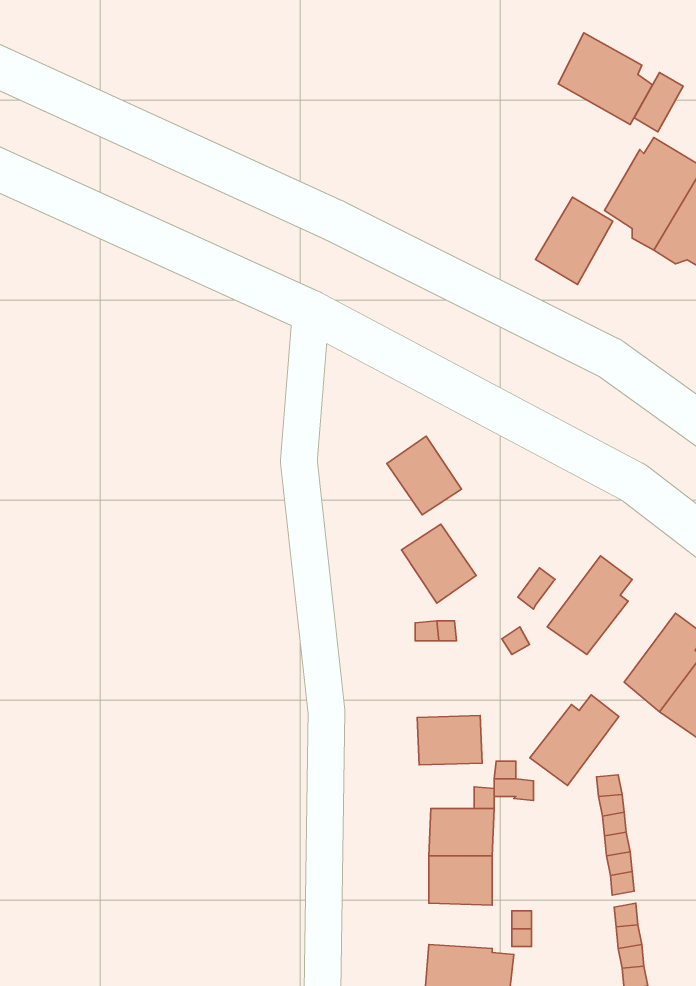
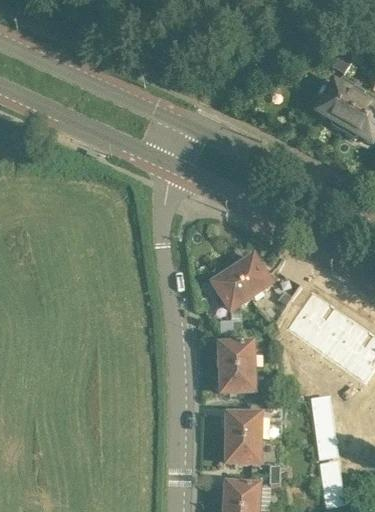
building: [558,33,653,124] -> none
building: [535,197,613,285] -> none
building: [387,436,462,515] -> [233,256,271,296]
building: none -> [220,342,253,368]
building: [530,695,619,785] -> [307,304,352,350]

